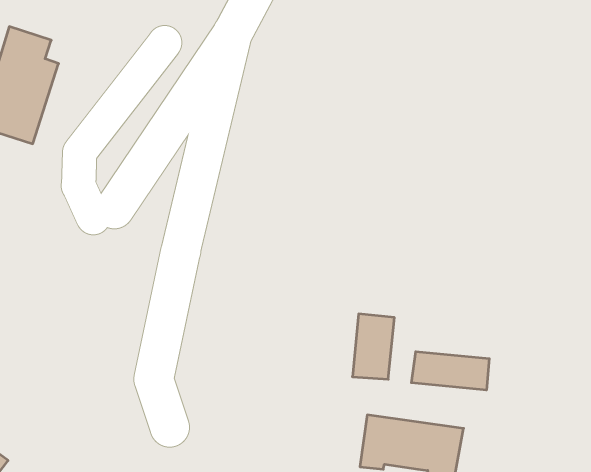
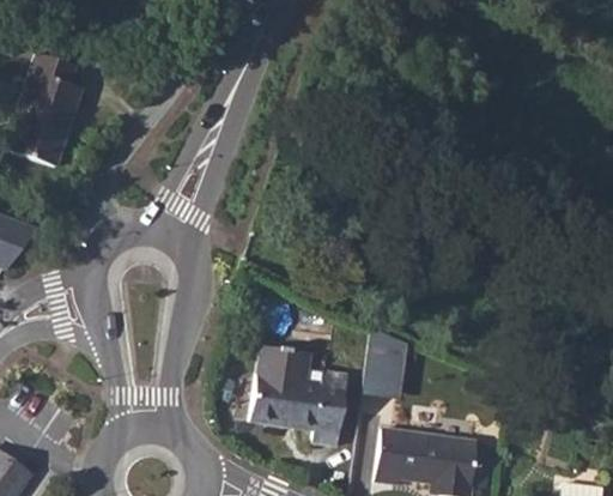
building: none -> [250,349,346,446]
building: [411,352,489,390] -> none

